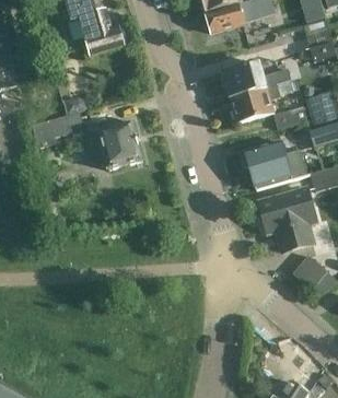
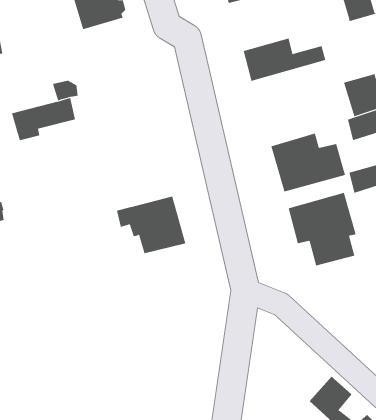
building: [229,79,307,128] -> none
building: [84,121,142,169] -> [116,196,186,254]
building: [292,254,327,290] -> none

